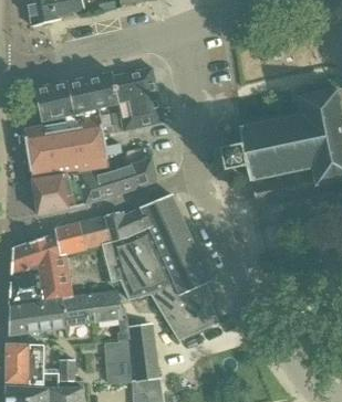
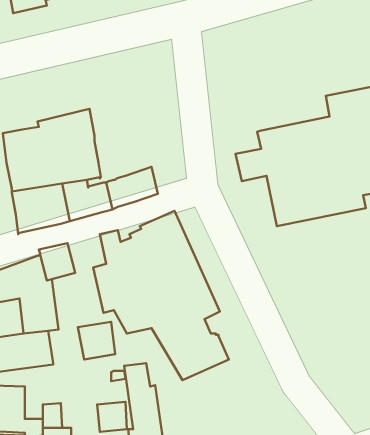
building: [33,66,163,130] -> none
building: [79,214,112,247] -> none
building: [62,294,93,325] -> none

